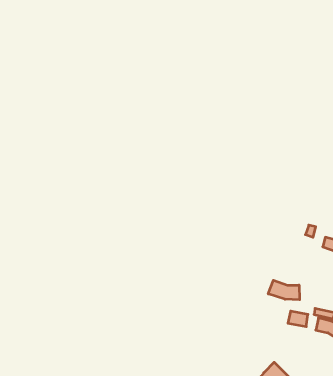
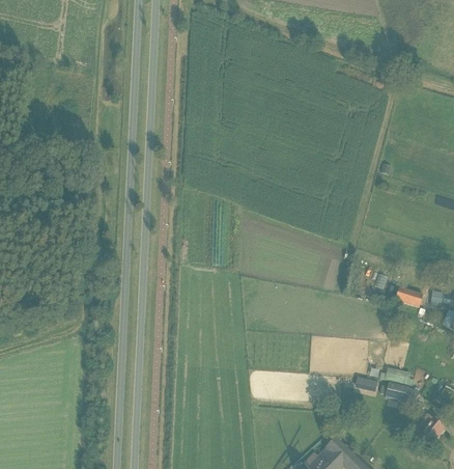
building: [268,280,300,300] -> none

